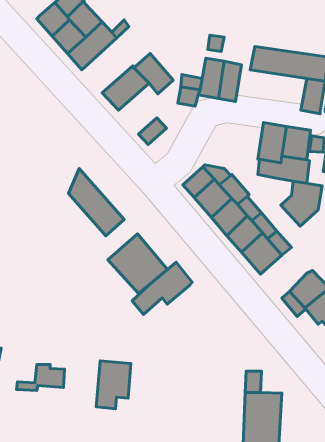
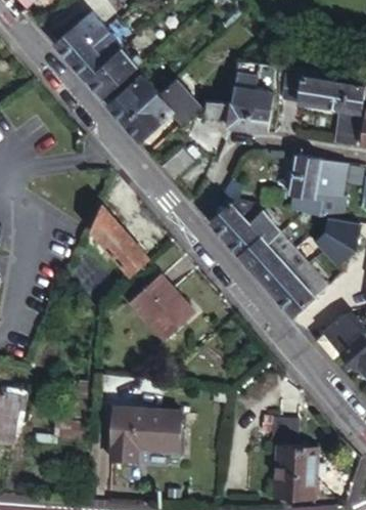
building: none -> [109,76,157,123]
building: [132,262,192,315] -> none
building: none -> [152,412,184,451]

